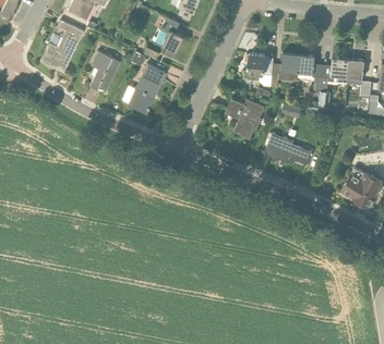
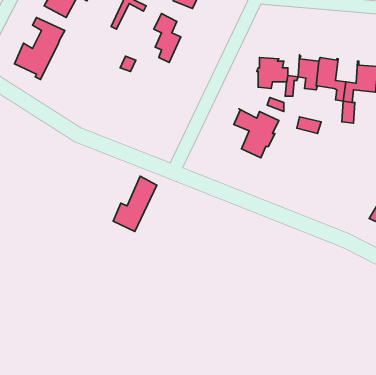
building: [89,50,119,90] -> none
building: [128,65,165,112] -> [113,176,157,232]
building: [264,132,312,162] -> none

